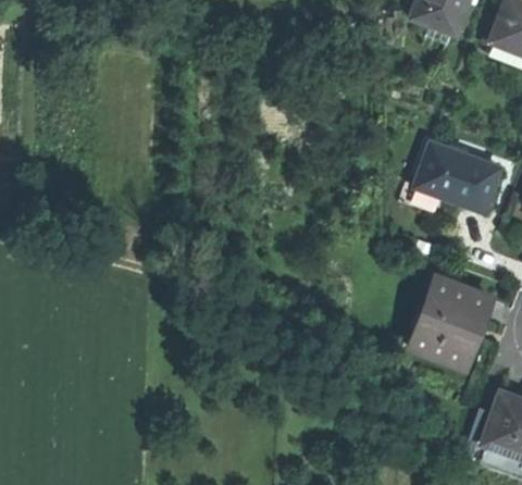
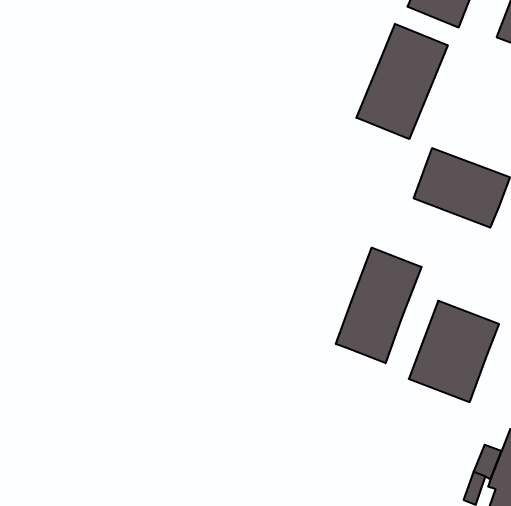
building: none -> [356,24,448,139]
building: none -> [336,248,422,363]

